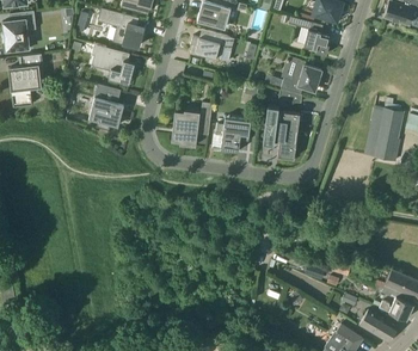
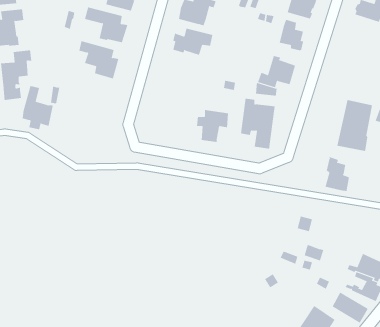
building: [90,84,123,130] -> [22,86,54,130]
building: [172,101,213,147] -> none
building: none -> [325,156,350,192]

